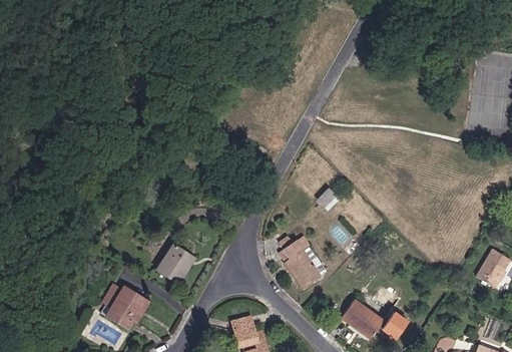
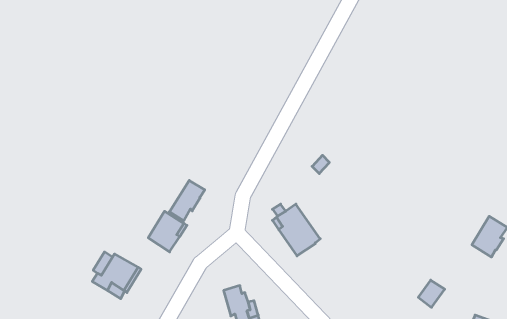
building: none -> [169,180,205,221]
building: [342,300,384,339] -> none
building: [385,313,411,340] -> [418,280,445,307]

